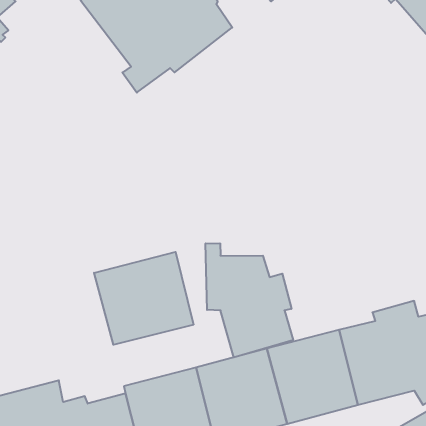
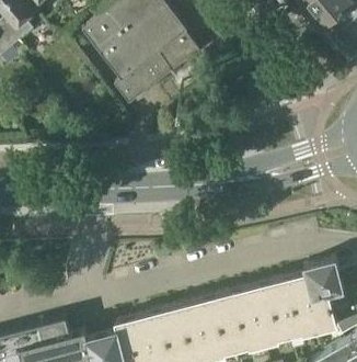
building: [206,243,293,357] -> none
building: [94,252,193,345] -> none

